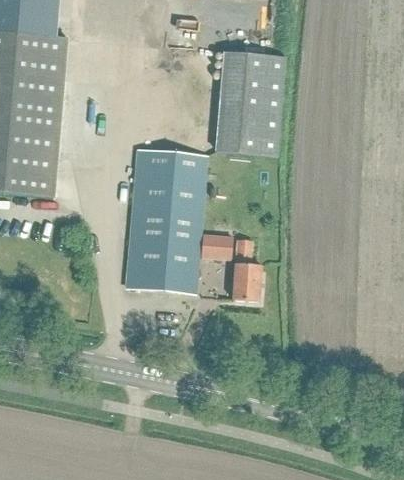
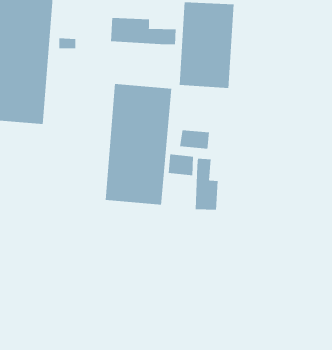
building: none -> [110,17,176,45]
building: none -> [180,130,210,149]

